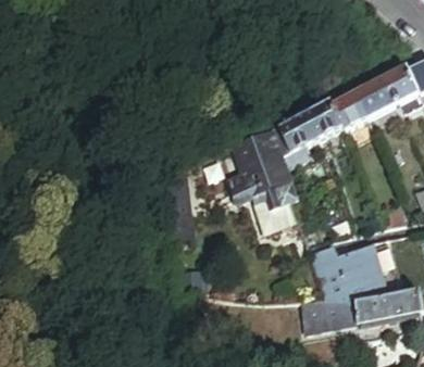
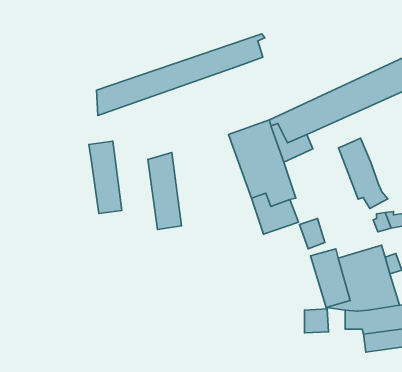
building: none -> [96,34,265,116]
building: none -> [338,138,388,208]
building: none -> [89,141,122,213]

